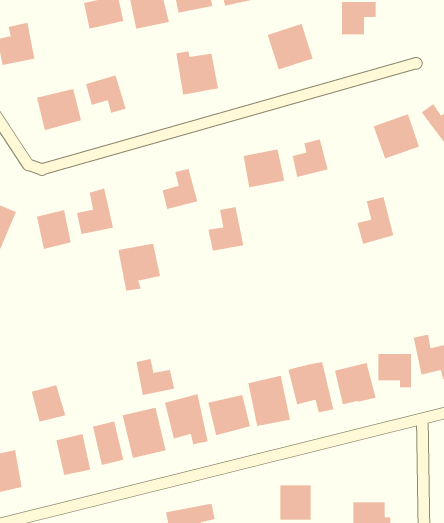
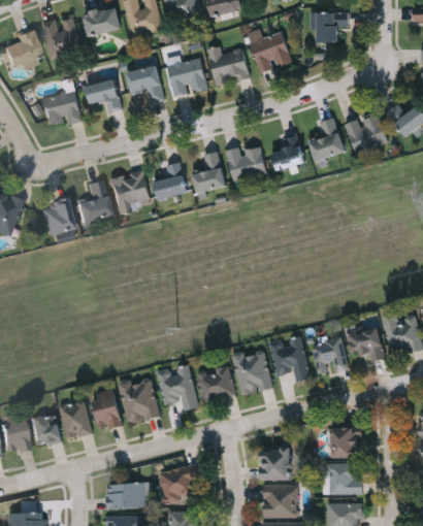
building: none -> [41,18,78,54]
building: none -> [207,46,249,85]
building: none -> [127,65,164,102]
building: [357,197,394,245] -> [310,118,344,161]
building: [208,207,244,251] -> [192,152,225,192]
building: [117,243,161,291] -> [109,170,149,213]
building: [136,358,175,396] -> none
building: [31,385,66,422] -> [29,414,61,448]
building: none -> [331,429,359,458]

